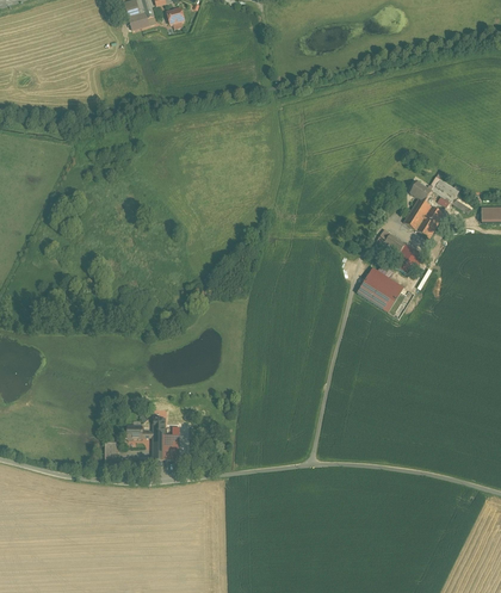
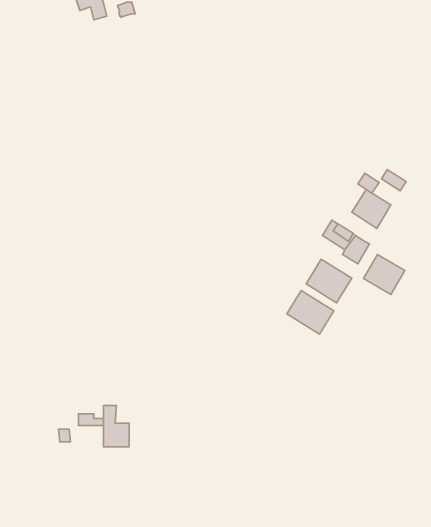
building: none -> [364,254,405,295]
building: none -> [287,291,334,334]

